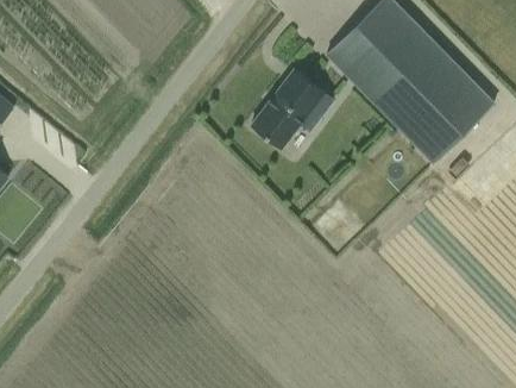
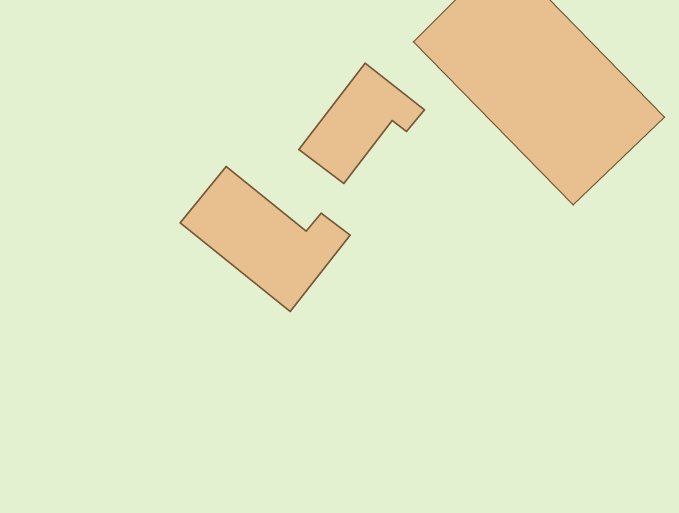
building: none -> [180,167,350,311]

